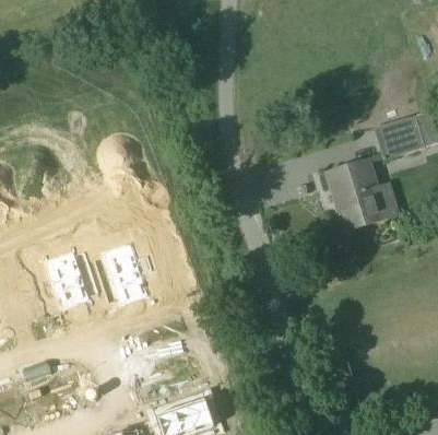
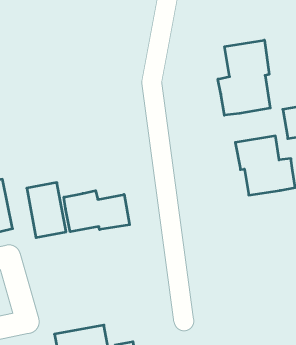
building: none -> [218,40,270,115]
building: none -> [64,191,130,232]

